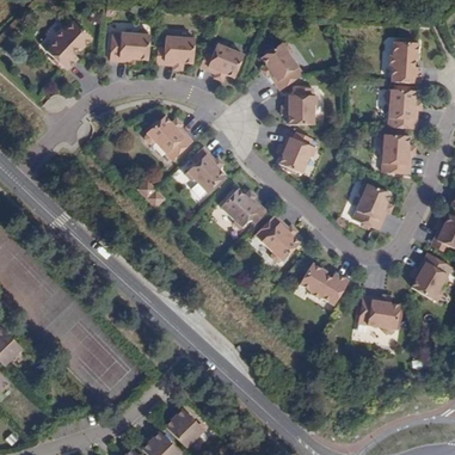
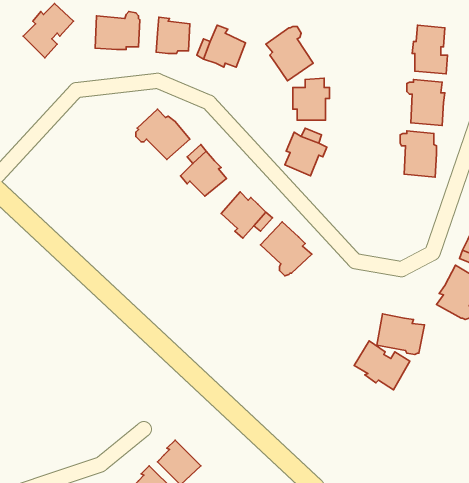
building: [352,184,391,230] -> none
building: [300,262,349,305] -> [354,341,410,390]

